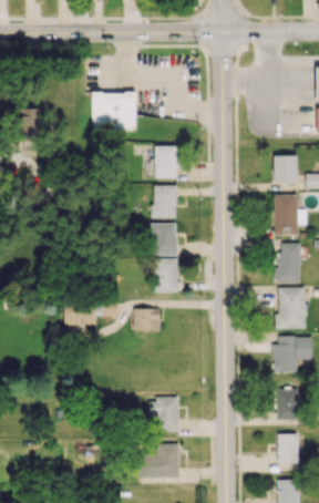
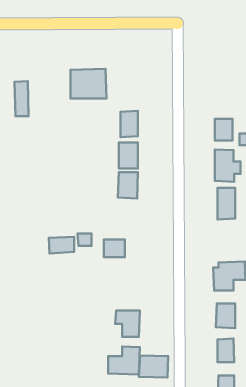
building: [154,257,178,292] -> none
building: [277,287,307,329] -> none
building: none -> [139,355,168,377]

